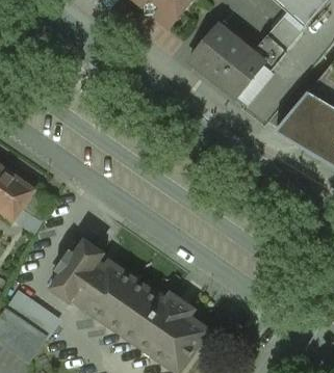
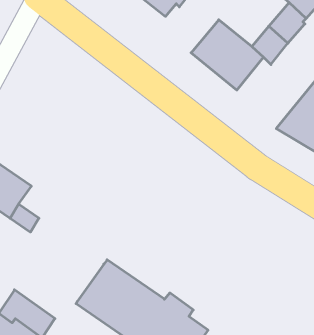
building: [49,239,105,302] -> none

